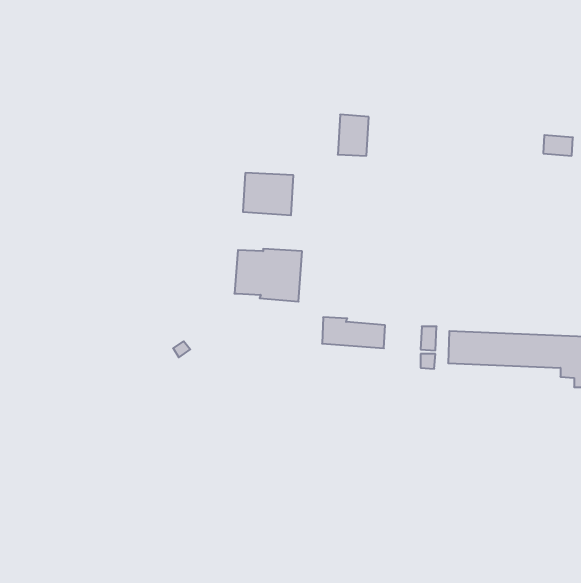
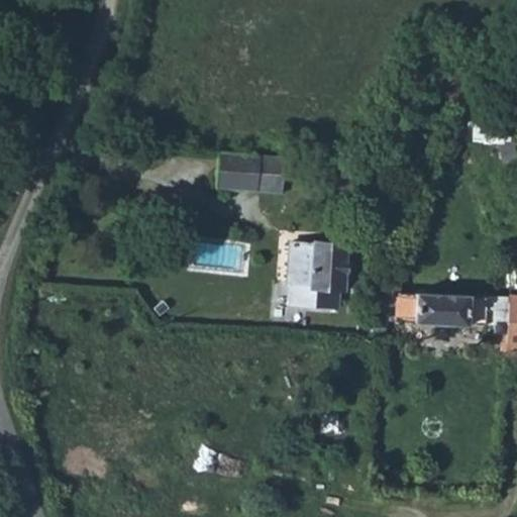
building: [338,115,369,156] -> [261,157,288,193]
building: [234,249,302,302] -> [287,242,346,289]

